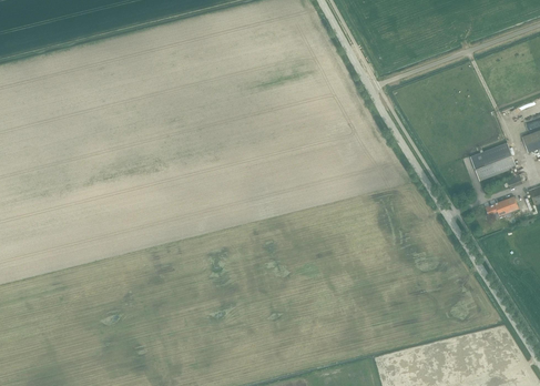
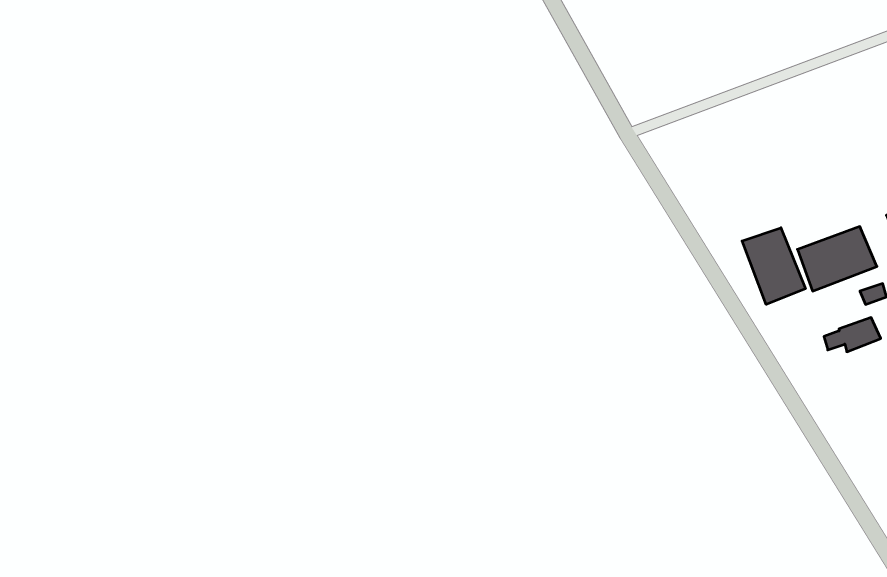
building: none -> [742,228,805,304]

